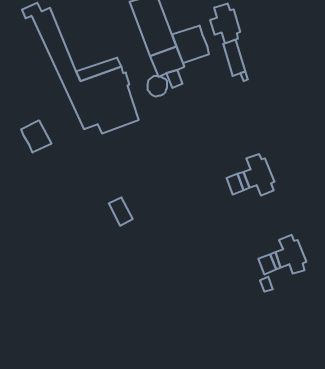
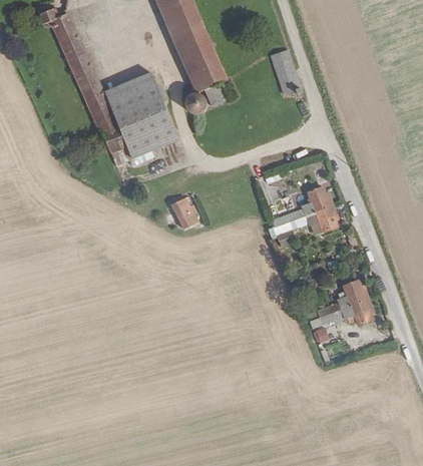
building: [210,3,240,43] -> none
building: [172,25,209,63] -> none
building: [21,120,51,153] -> none
building: [109,197,133,226] -> [172,198,200,231]

